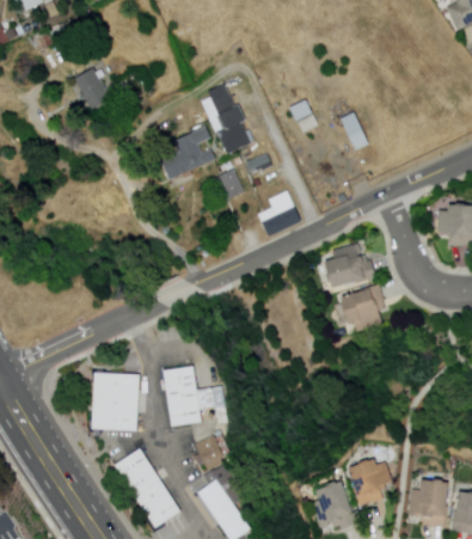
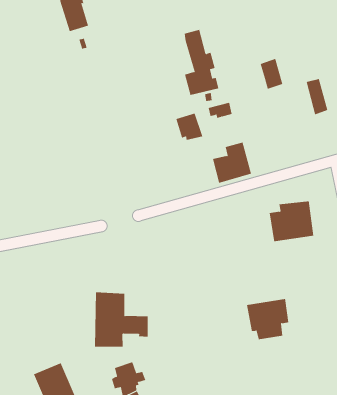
building: [159,127,214,180] -> none
building: [339,283,386,330] -> [246,299,289,340]
building: [90,372,137,430] -> none

